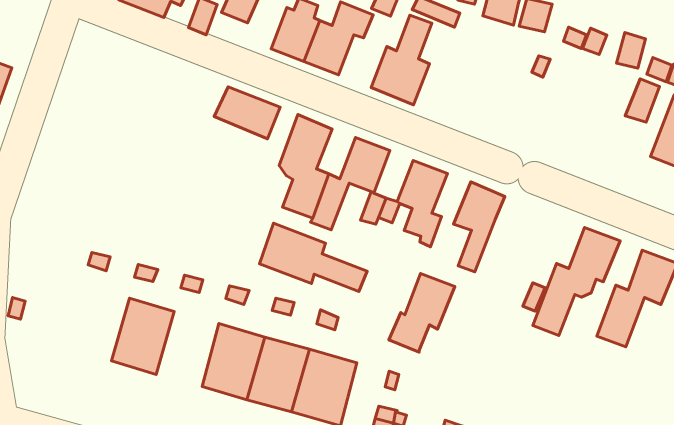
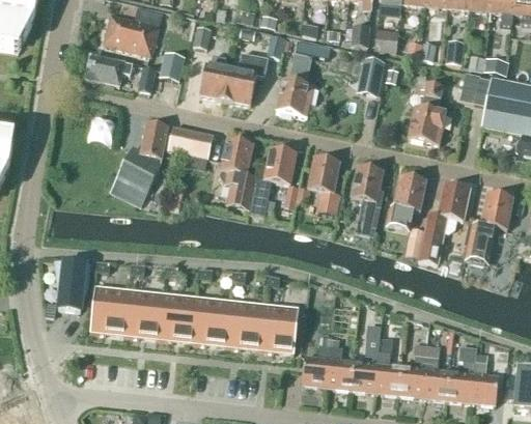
building: none -> [356,56,386,95]
building: none -> [111,121,168,203]
building: none -> [408,83,446,144]
building: [260,223,367,291] -> none
building: none -> [55,260,89,310]
building: [389,274,455,352] -> [386,174,426,230]
building: none -> [89,285,129,335]
building: none -> [157,292,195,342]

